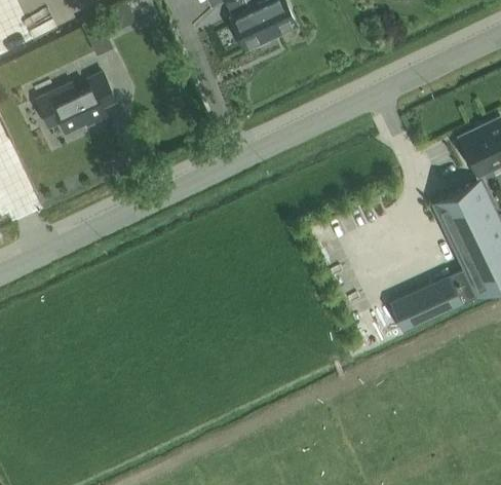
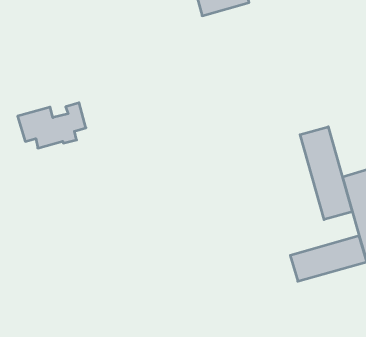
building: [36,75,115,134] -> [18,103,86,148]
building: none -> [300,127,352,220]

